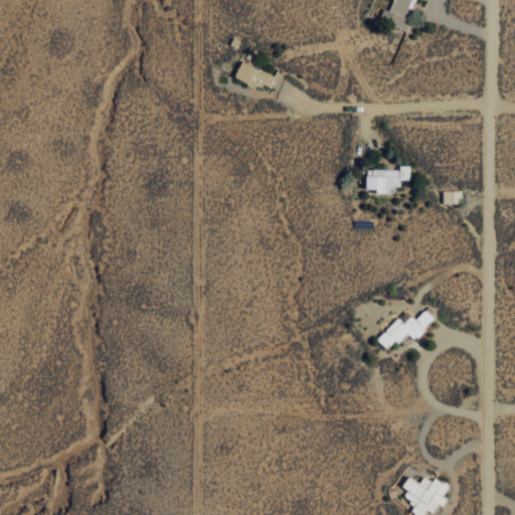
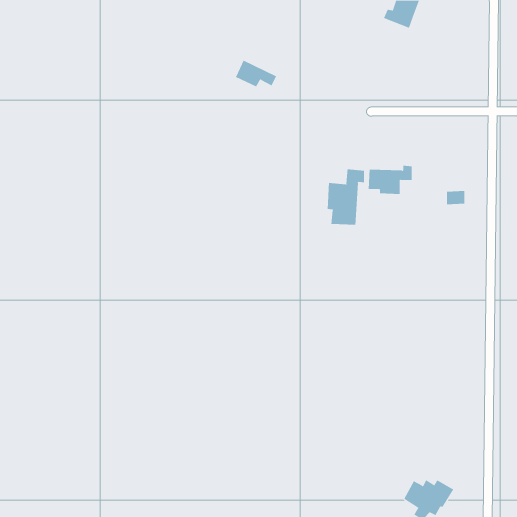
building: none -> [327,168,365,225]
building: [377,310,436,349] -> none

